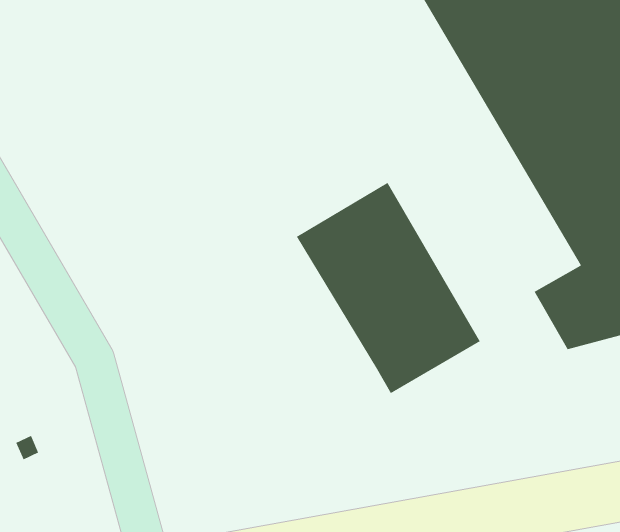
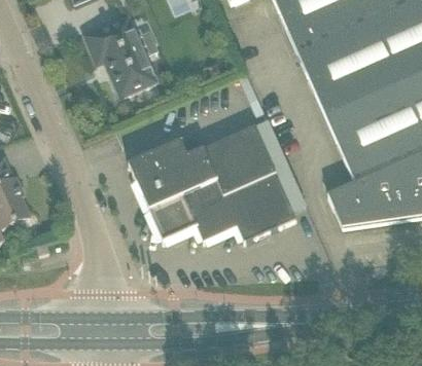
building: none -> [84,15,155,95]
building: none -> [128,136,237,240]

